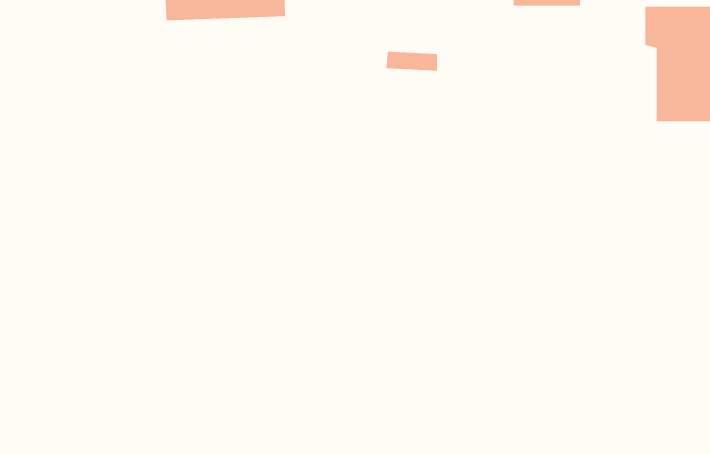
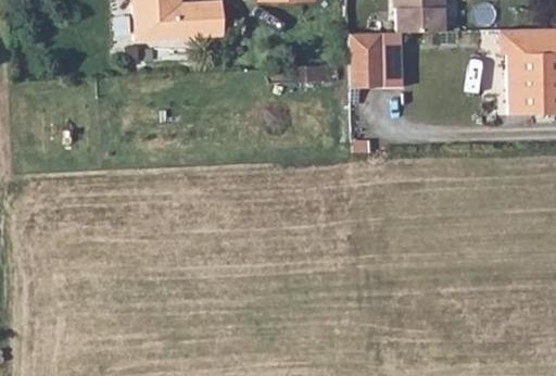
building: none -> [349,29,387,91]

